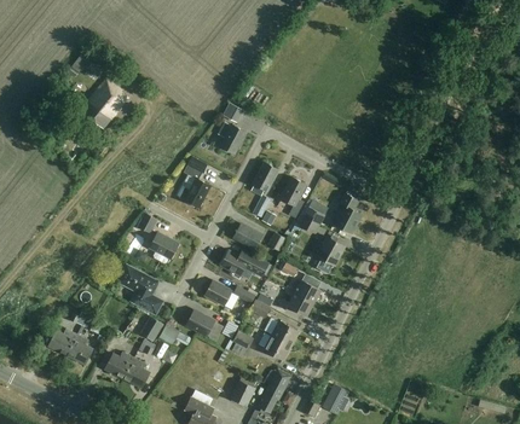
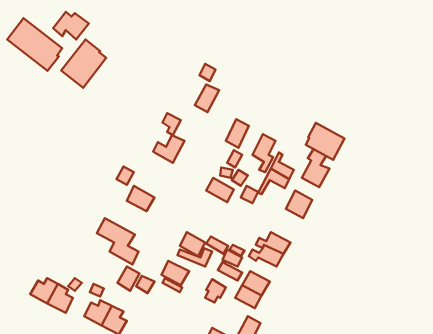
building: none -> [7,18,62,71]
building: none -> [306,123,344,160]
building: [221,250,268,277] -> none

